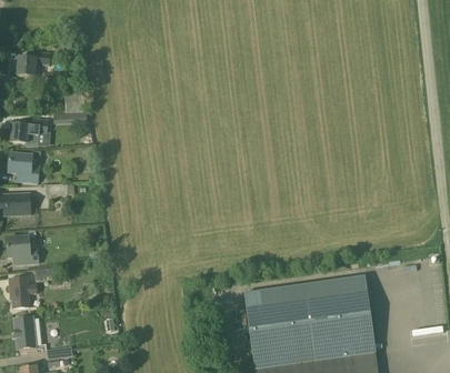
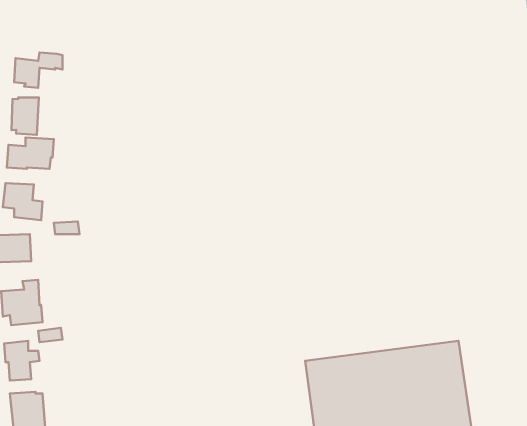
building: none -> [11,98,39,135]

